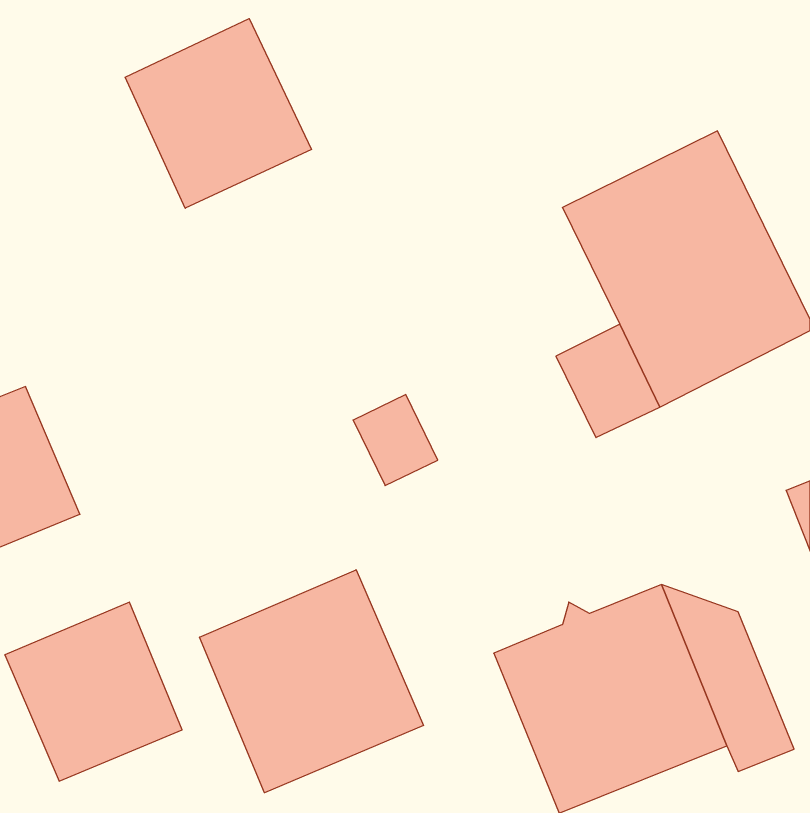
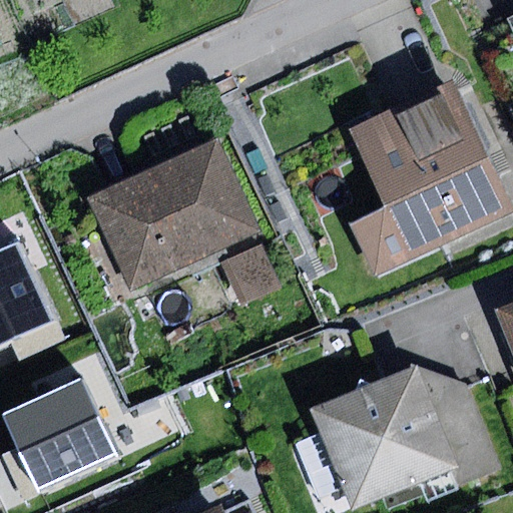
building: [125,19,312,208] -> none
building: none -> [88,140,256,288]
building: [200,570,424,793] -> none

